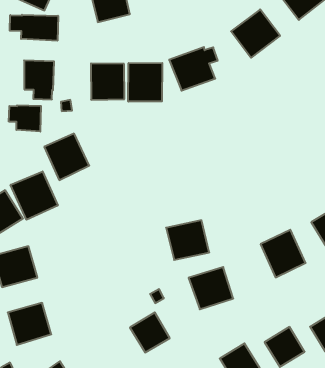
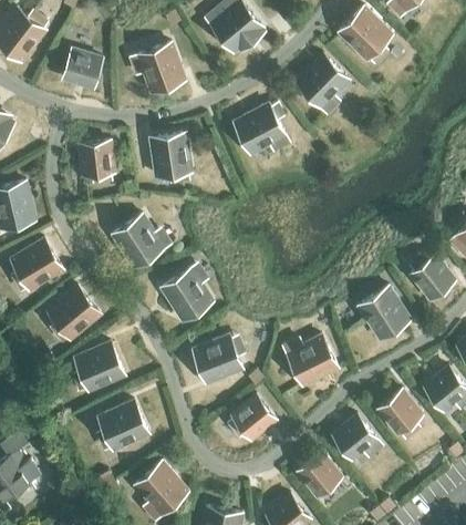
building: [10,15,58,41] -> none
building: [128,63,162,102] -> none
building: [9,105,41,132] -> none
building: [11,171,58,220] -> none
building: none -> [162,269,213,321]
building: [166,220,209,260] -> [193,337,242,383]

